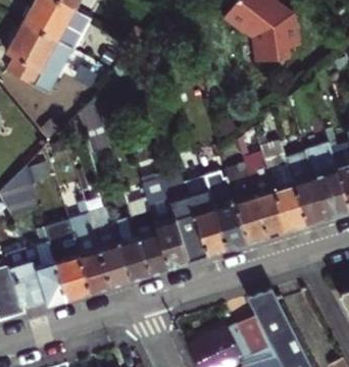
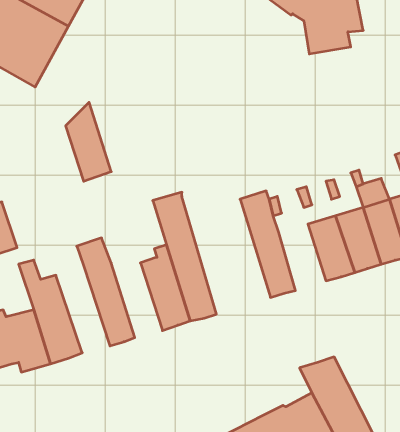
building: [160,165,226,257] -> none
building: [232,191,266,240] -> none
building: [108,214,146,274] -> none
building: [67,221,107,285] -> none

